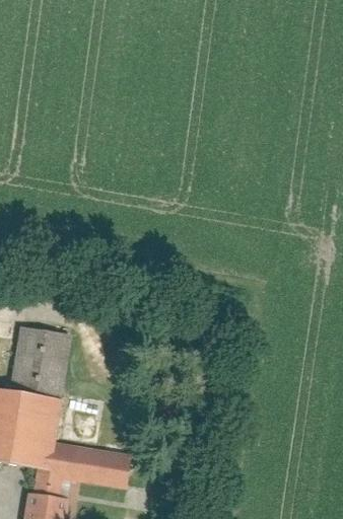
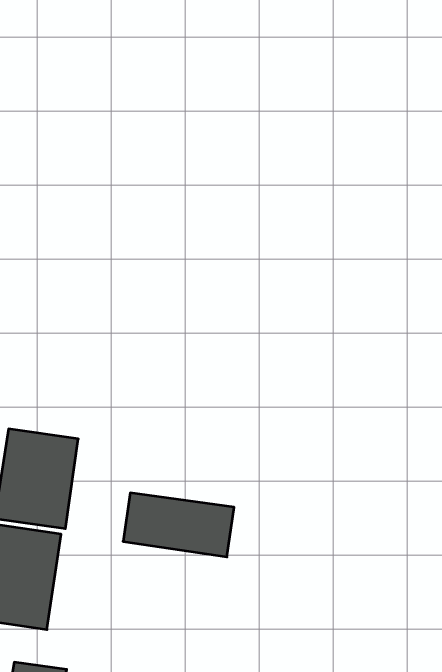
building: [50,442,129,488] -> [123,493,234,557]

